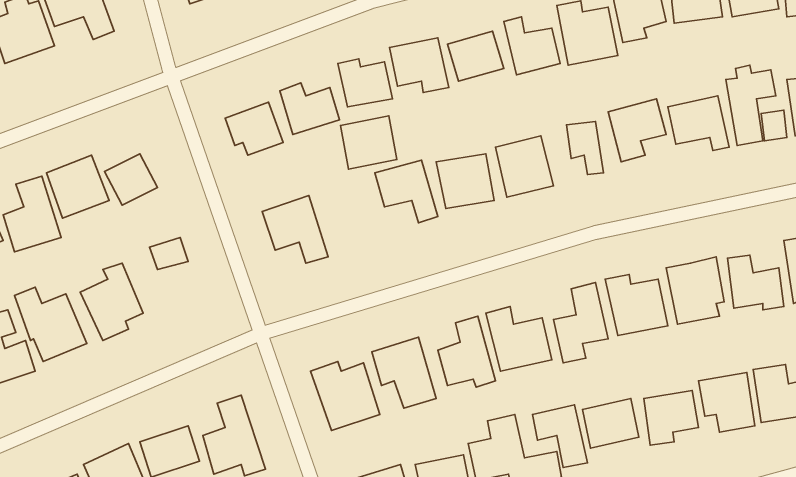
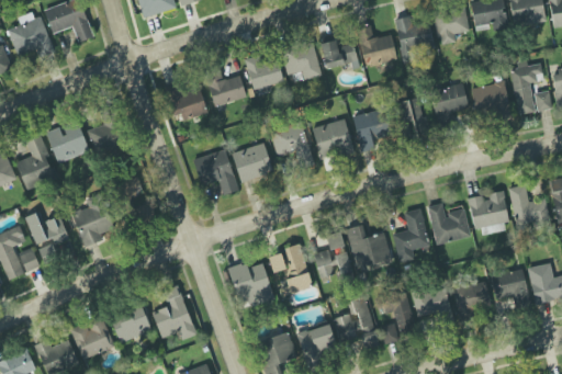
building: [340,116,397,169] -> [233,144,271,180]

